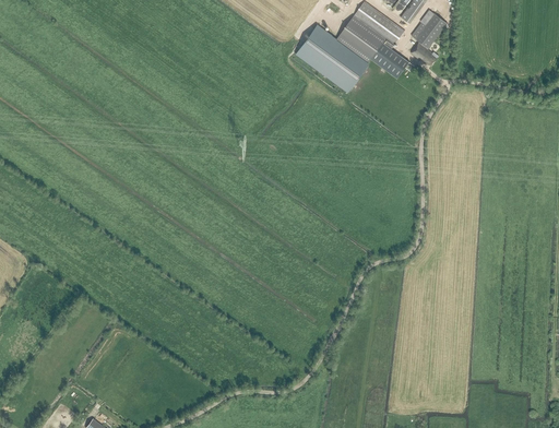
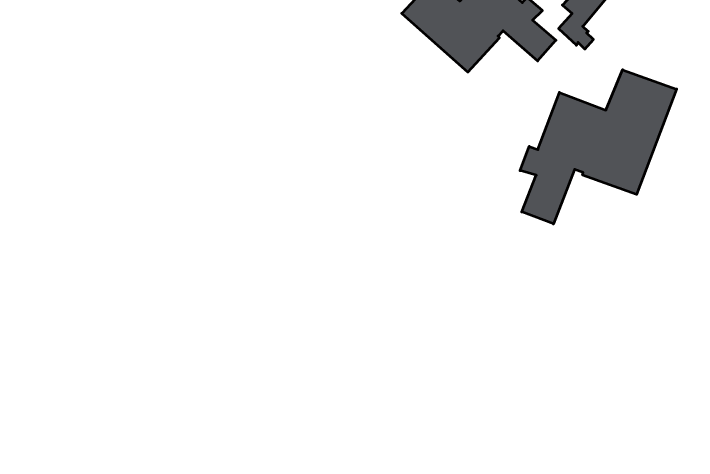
building: none -> [520,70,677,224]

